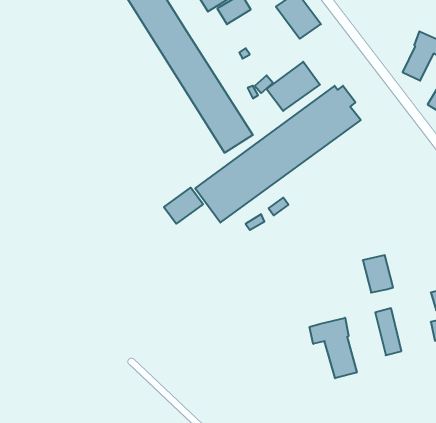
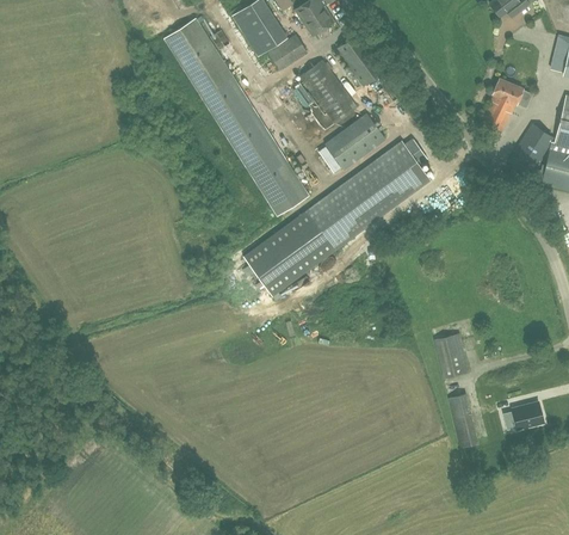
building: none -> [299,60,357,123]
building: [164,188,203,224] -> none
building: [310,318,357,378] -> none

